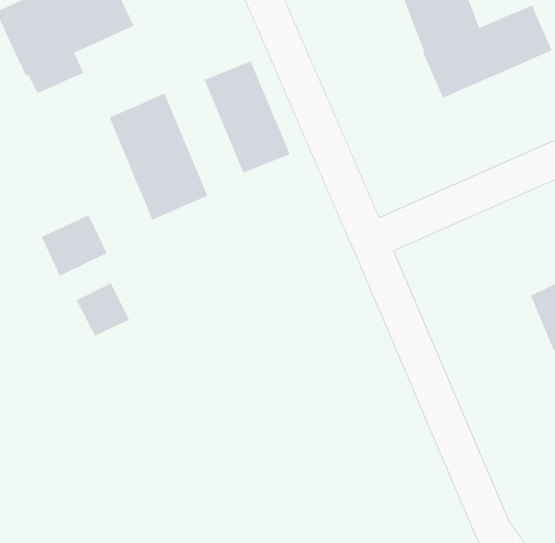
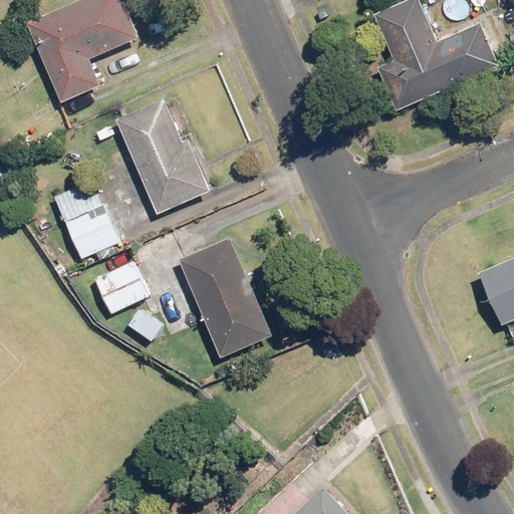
building: [204,61,290,173] -> none
building: none -> [183,246,271,356]

